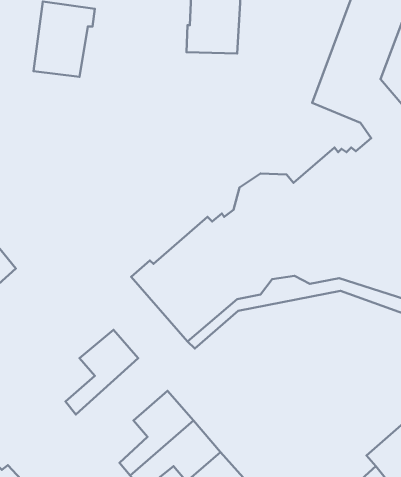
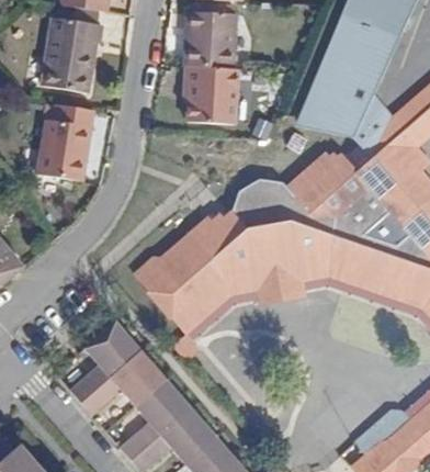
building: none -> [186,65,238,120]
building: none -> [42,104,97,180]
building: none -> [83,350,169,416]

